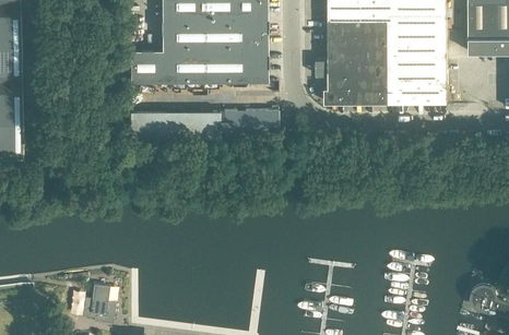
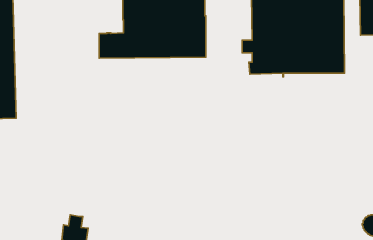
building: [129,108,277,136] -> none

